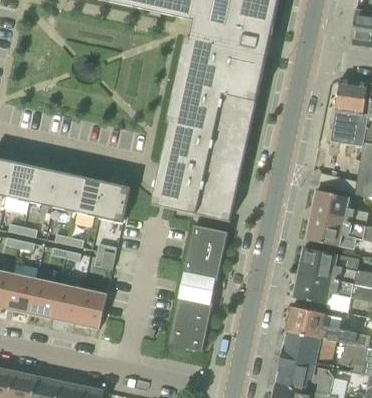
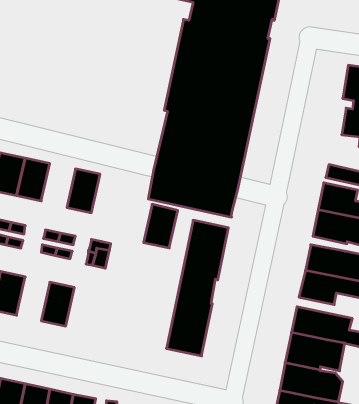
building: [52,171,84,212] -> none
building: [99,181,131,222] -> [144,204,178,248]
building: [29,277,60,318] -> none
building: [75,287,107,329] -> none

